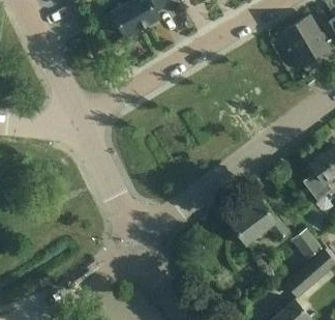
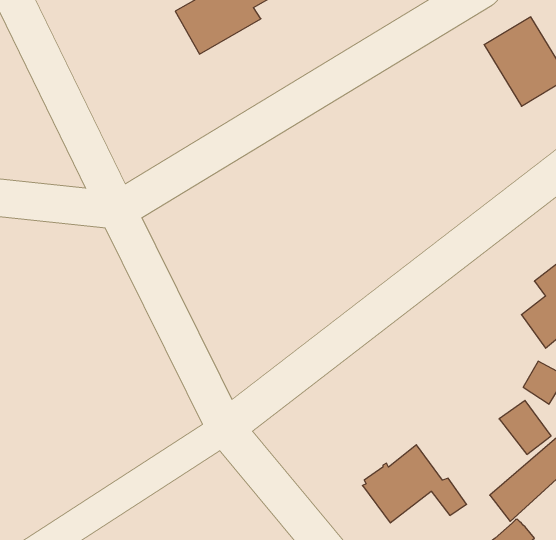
building: [231,201,288,244] -> [362,445,467,523]

